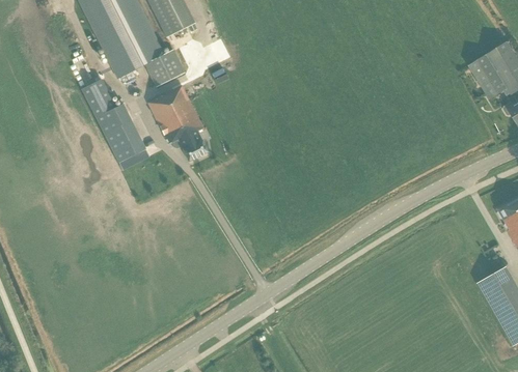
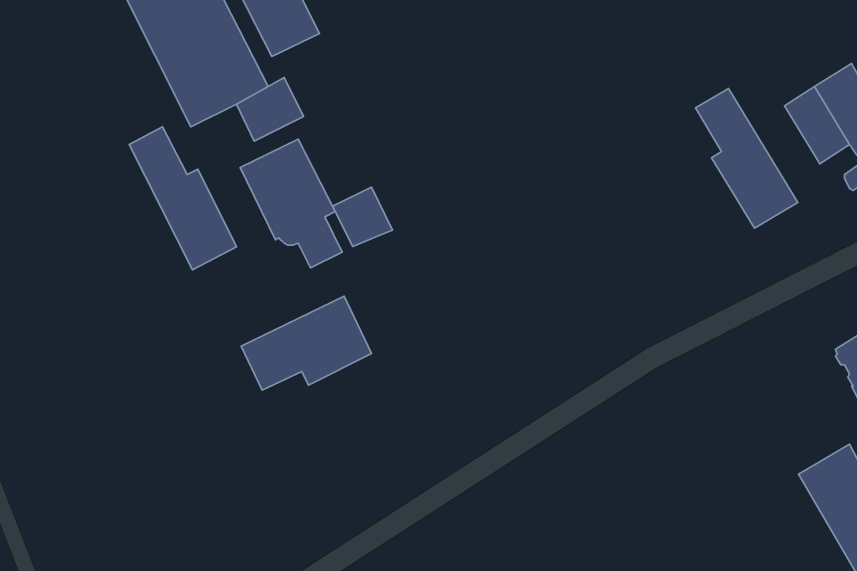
building: none -> [696,88,798,228]
building: none -> [333,187,392,247]
building: none -> [241,296,372,390]

